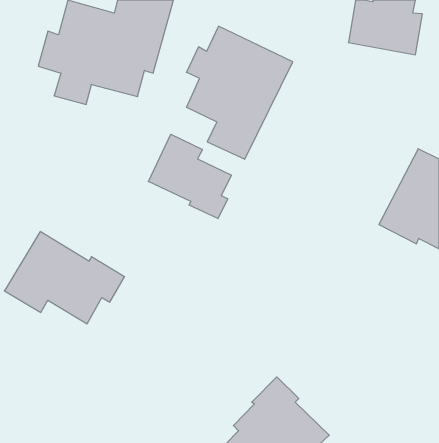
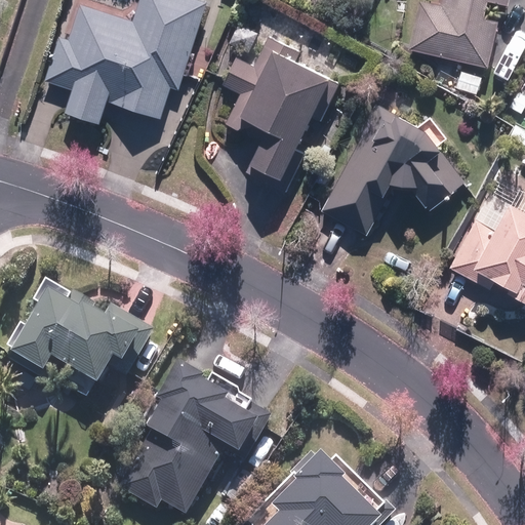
building: none -> [320,109,470,238]
building: [148,134,231,219] -> none
building: none -> [118,357,264,517]

